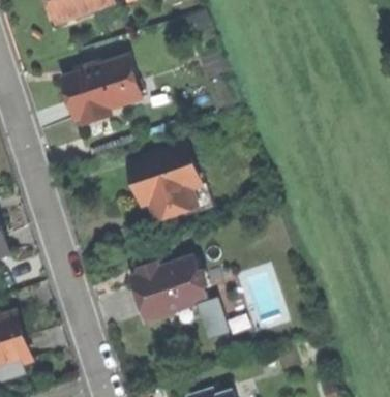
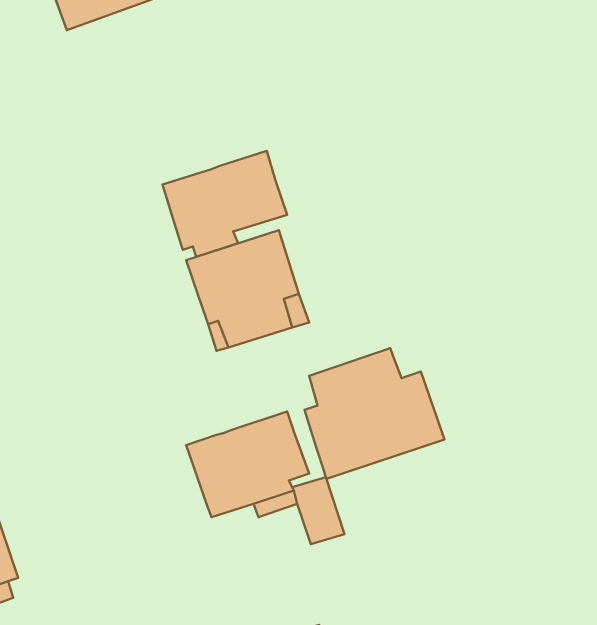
building: [62,59,139,124] -> [163,151,287,257]
building: none -> [305,348,444,479]

